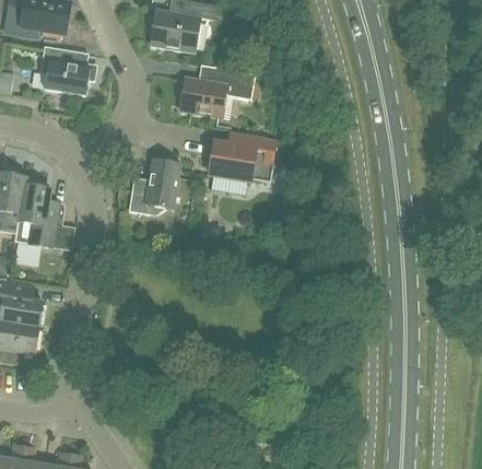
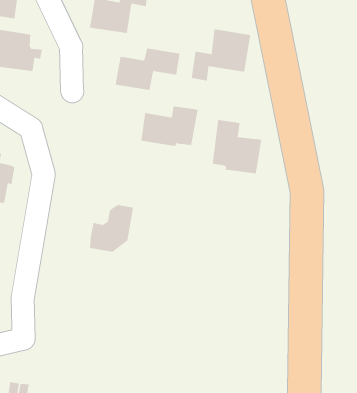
building: none -> [191,29,251,81]
building: none -> [212,119,262,174]
building: [129,161,180,215] -> [89,205,134,252]

